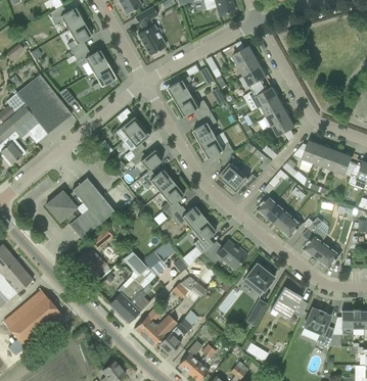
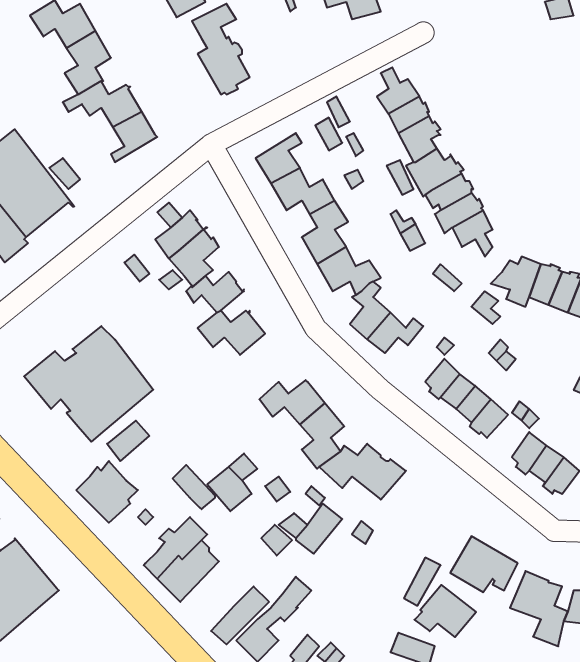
building: [160,182,184,217] -> none
building: [242,264,275,291] -> [414,585,476,637]
building: [134,307,162,339] -> none

